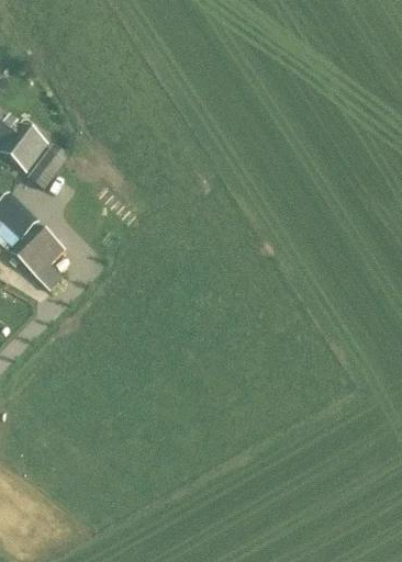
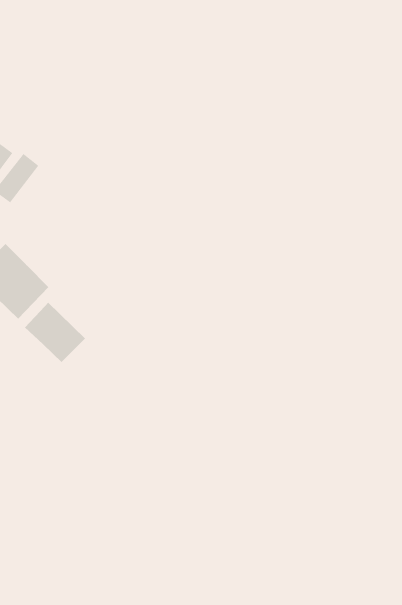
building: none -> [24,302,86,363]

